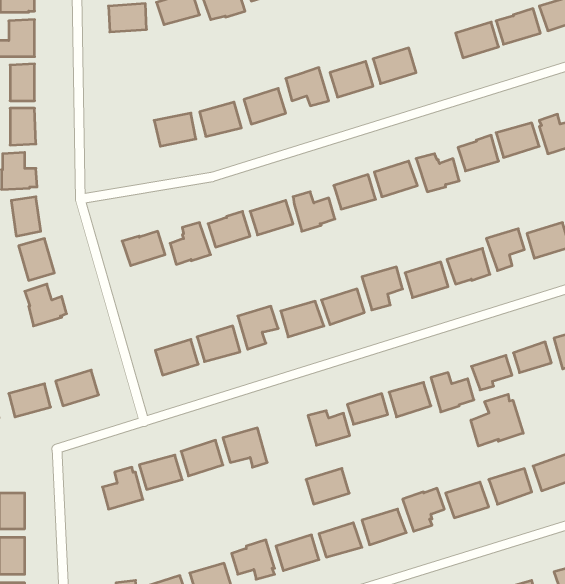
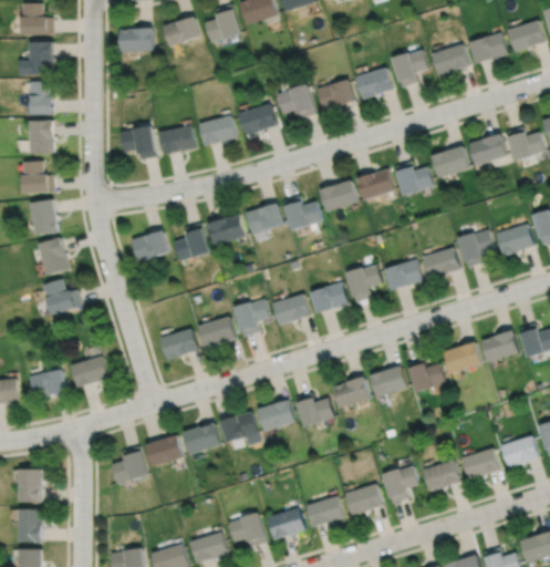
building: none -> [392,50,427,87]
building: none -> [120,127,156,161]
building: [471,394,523,446] -> none
building: [306,468,349,504] -> [257,398,295,430]

